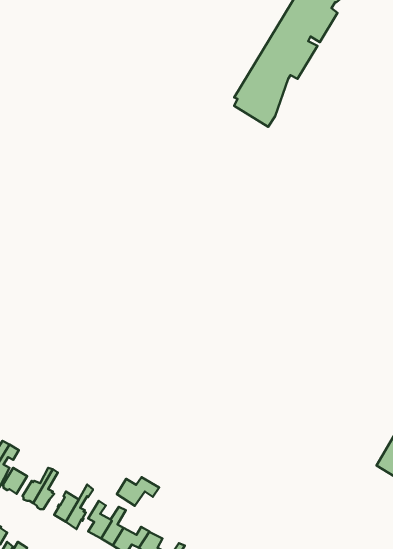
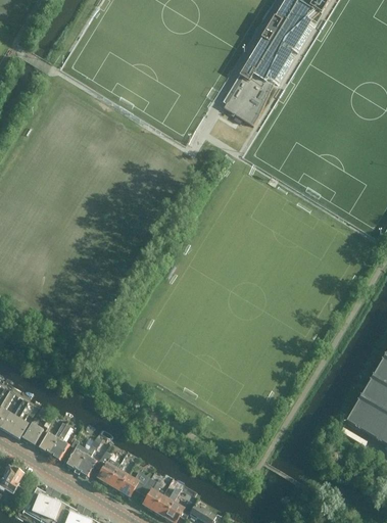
building: [117,477,159,506] -> none

